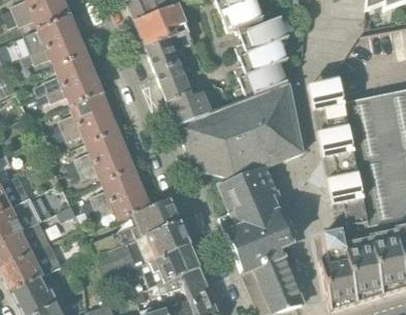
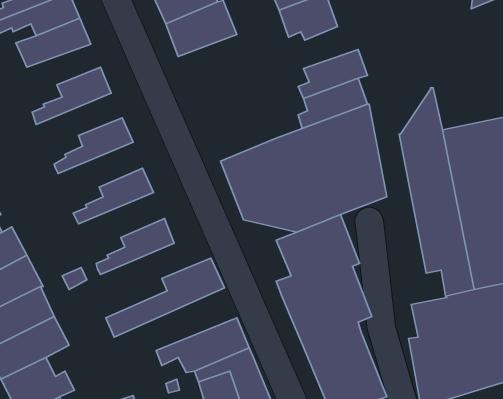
building: [237,15,289,54] -> none
building: [145,28,194,84] -> none
building: [21,35,86,66] -> none
building: [37,72,102,104] -> none
building: [166,87,219,124] -> none
building: [54,109,118,144] -> none
building: [69,148,134,182] -> none
building: [86,186,150,219] -> none
building: [96,220,189,278] -> none

